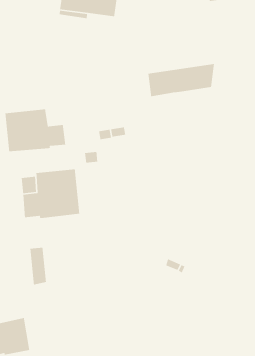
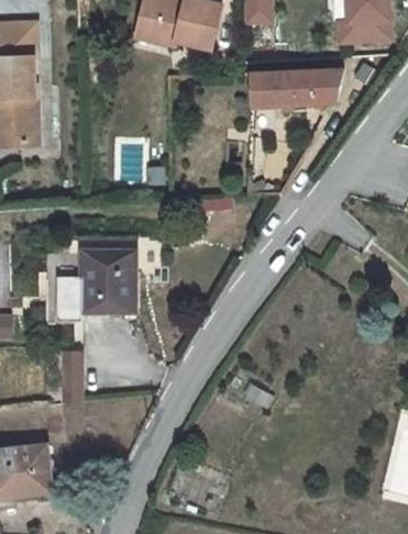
building: [147,63,215,97] -> [251,69,344,107]
building: [4,108,66,152] -> none

